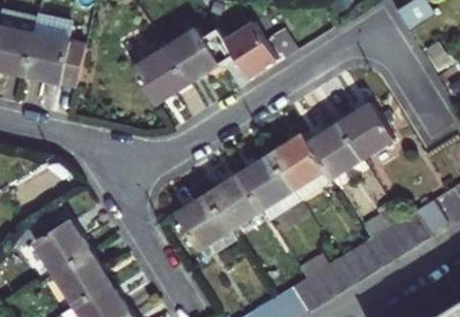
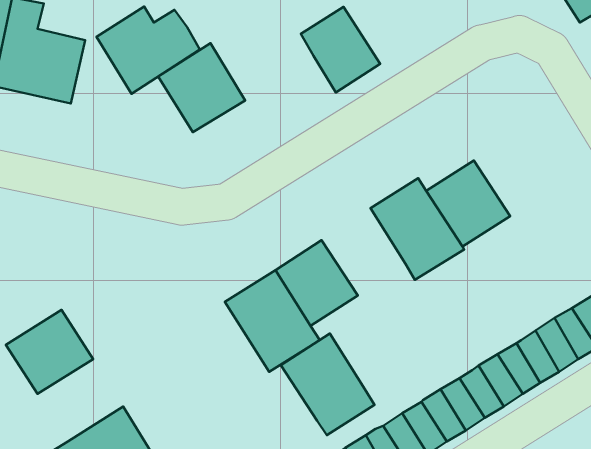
building: [166,27,233,84] -> [97,7,200,94]
building: [337,102,393,159] -> none
building: [238,154,299,220] -> [281,333,374,435]
building: [54,252,109,306] -> none

